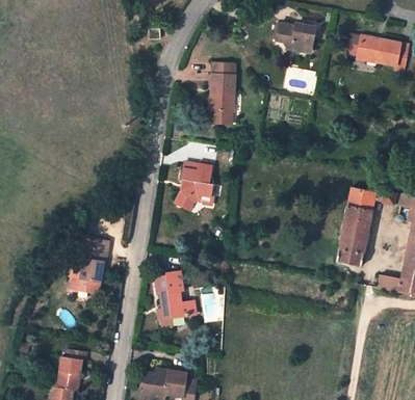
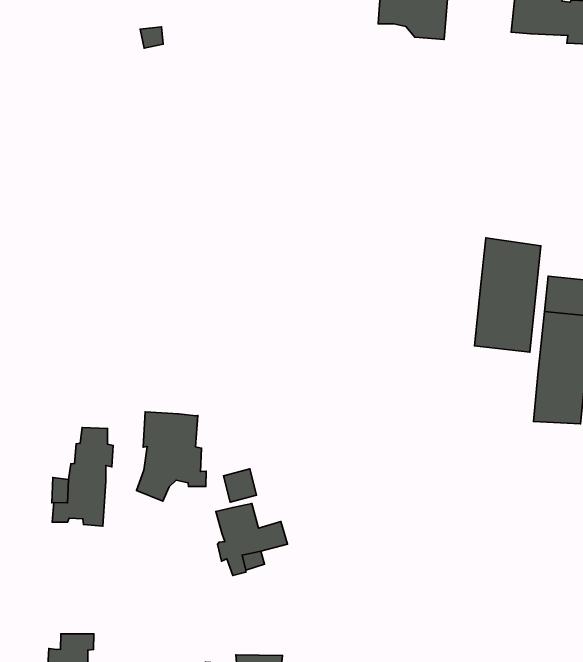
building: [211,62,234,124] -> none
building: [175,161,213,210] -> [136,412,206,501]
building: none -> [474,238,541,352]

